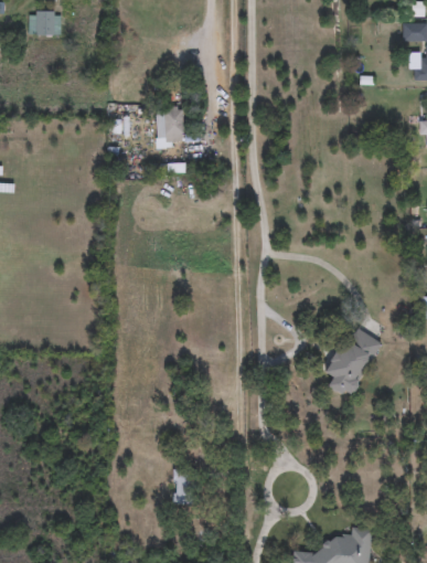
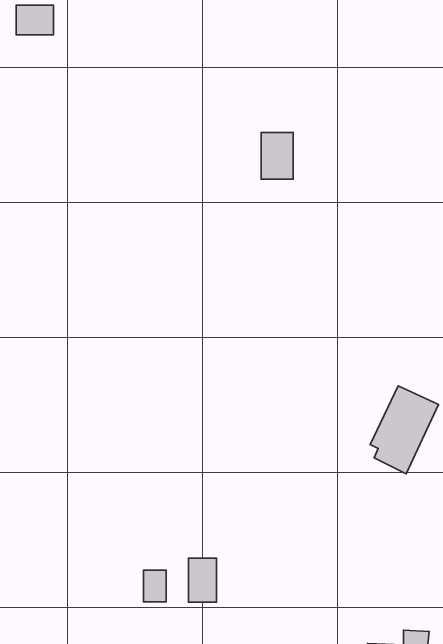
building: [157,107,183,146] -> [261,133,293,179]
building: none -> [144,570,166,602]

